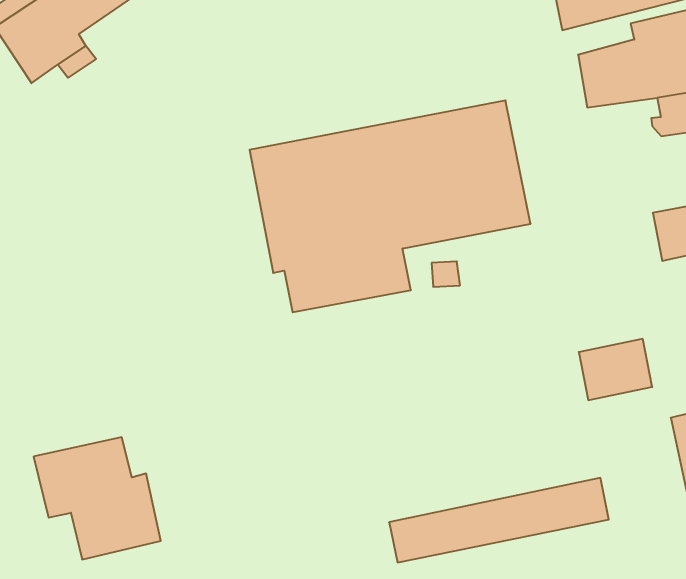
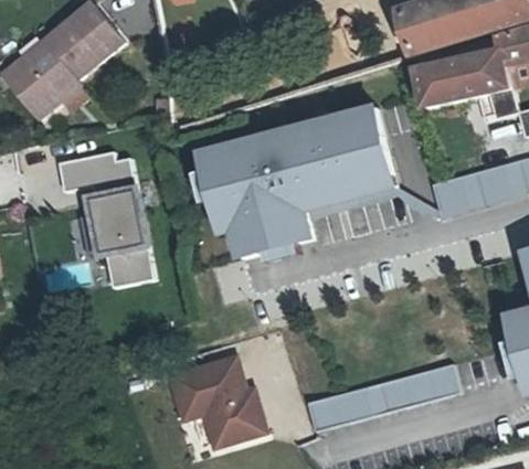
building: none -> [56,150,155,286]
building: [579,339,652,400] -> [435,175,488,221]
building: [34,437,161,559] -> [172,358,265,445]

